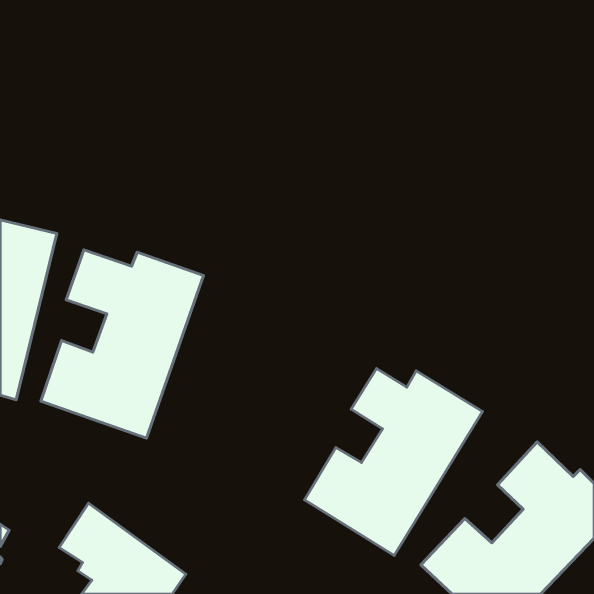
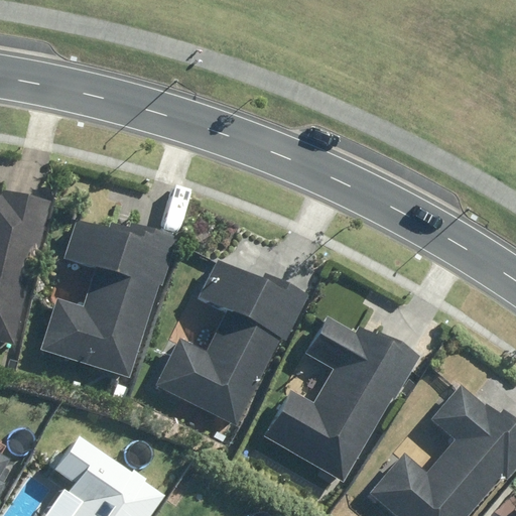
building: none -> [152,259,309,432]

